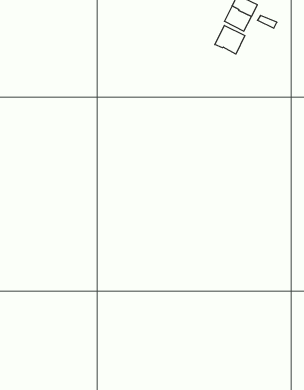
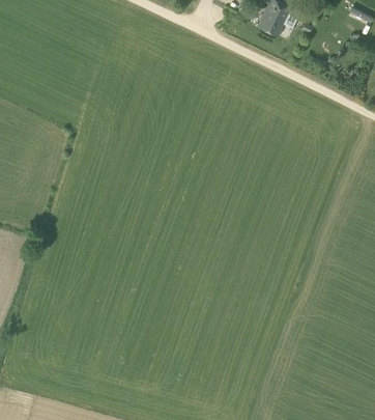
building: [215,25,245,54] -> none

